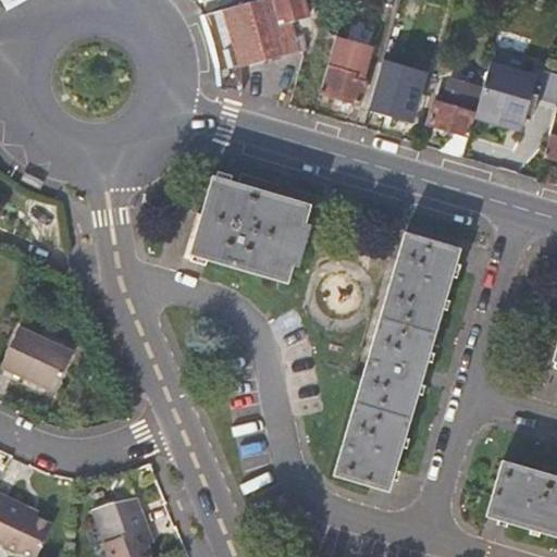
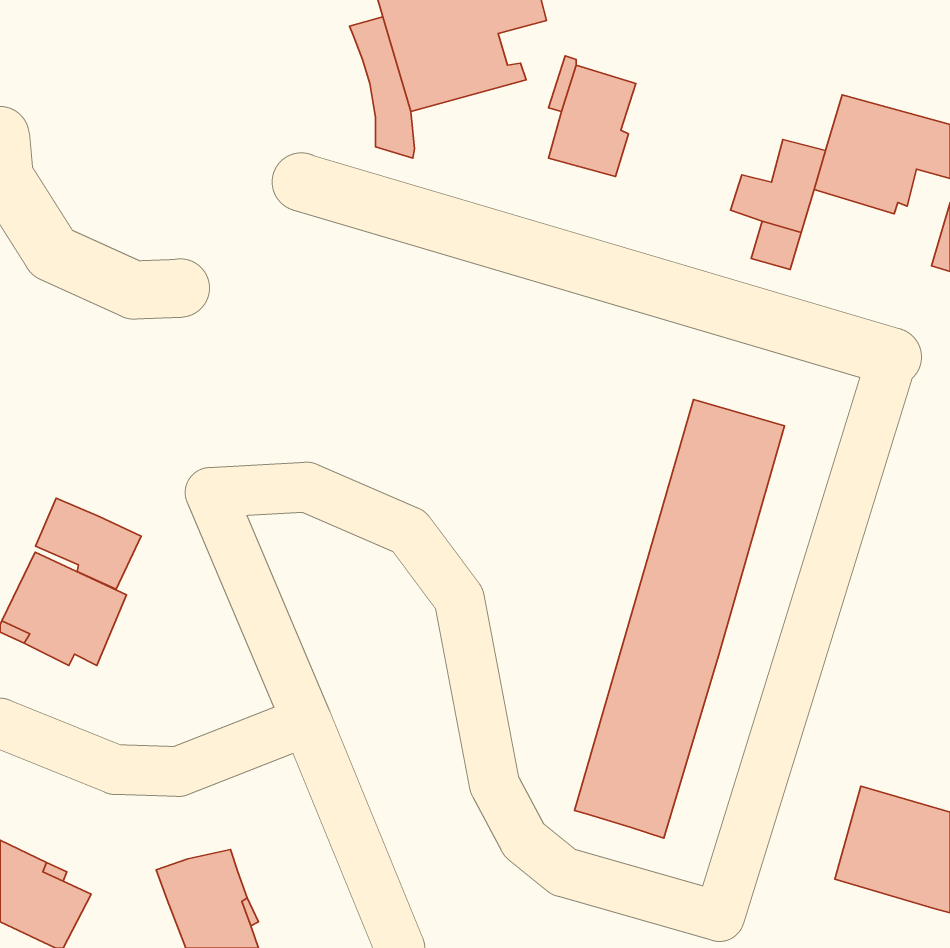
building: [370,66,418,119] -> none
building: [191,177,312,283] -> none
building: none -> [36,498,141,589]

